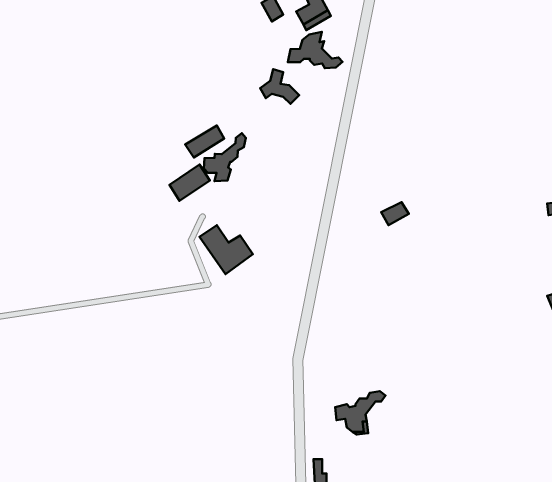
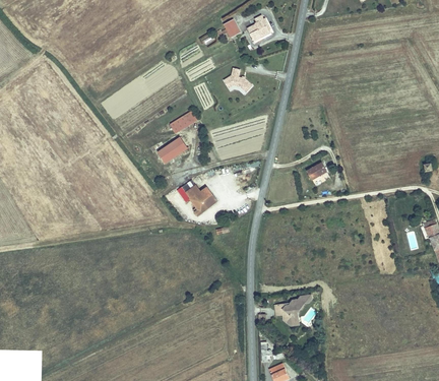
building: [288,32,343,68] -> none
building: [204,133,246,181] -> none

